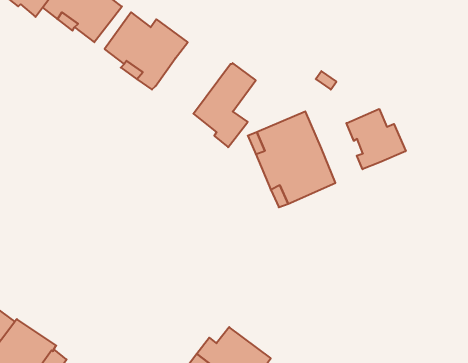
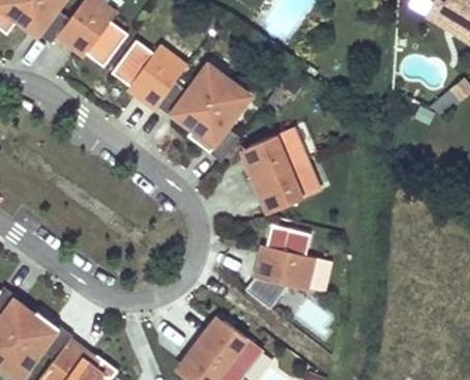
building: none -> [158,62,231,129]
building: [346,109,406,169] -> none
building: none -> [245,226,318,312]

